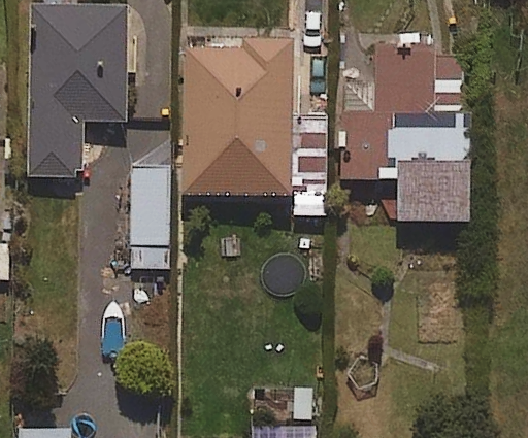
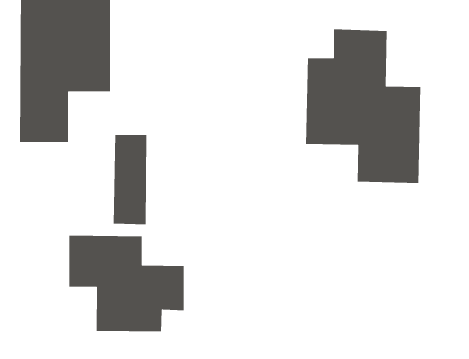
building: [184,44,293,195] -> none
building: none -> [69,235,185,332]

